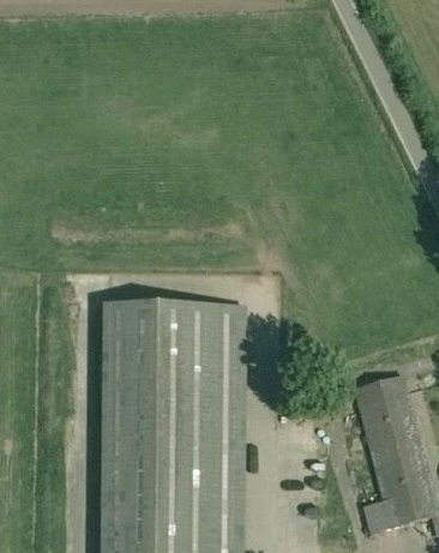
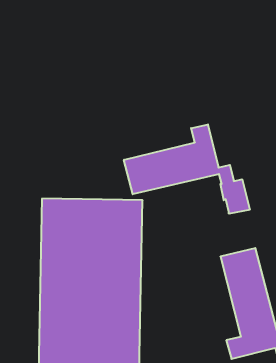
building: none -> [124,124,250,214]

